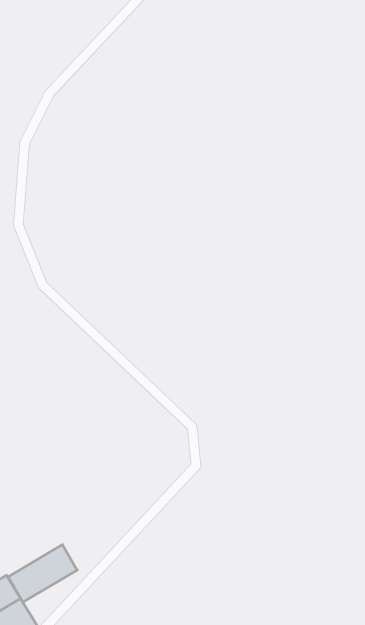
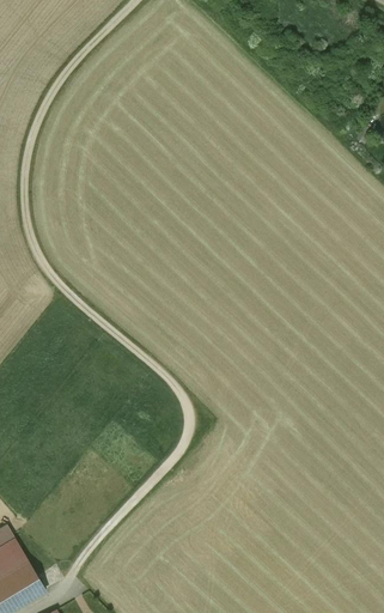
building: [8,545,77,602] -> none

